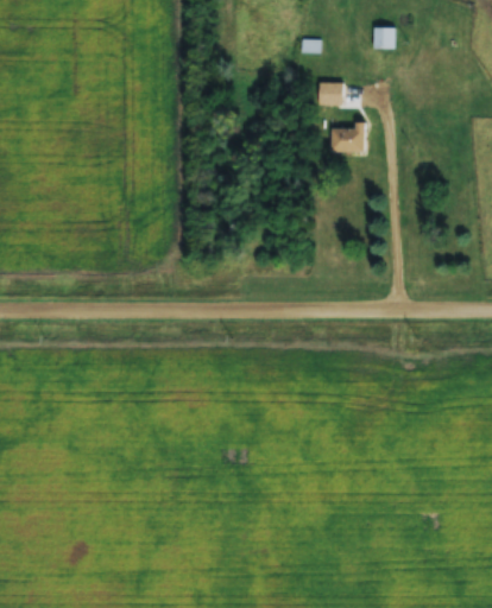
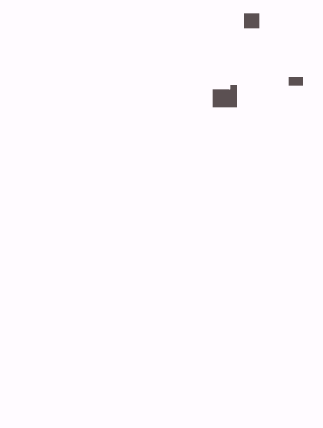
building: [318,83,343,106] -> none

